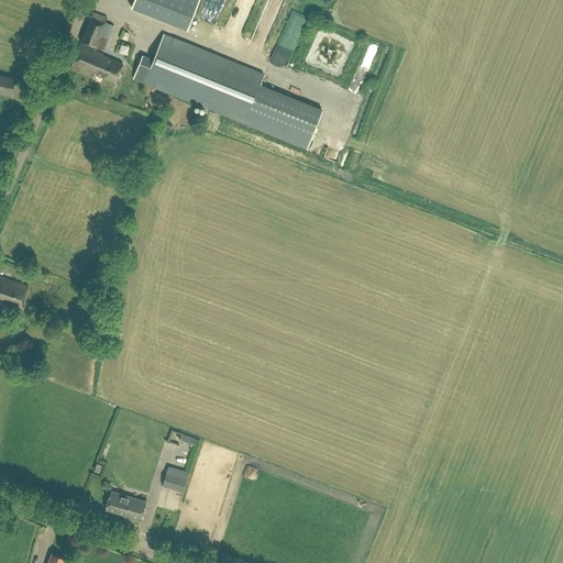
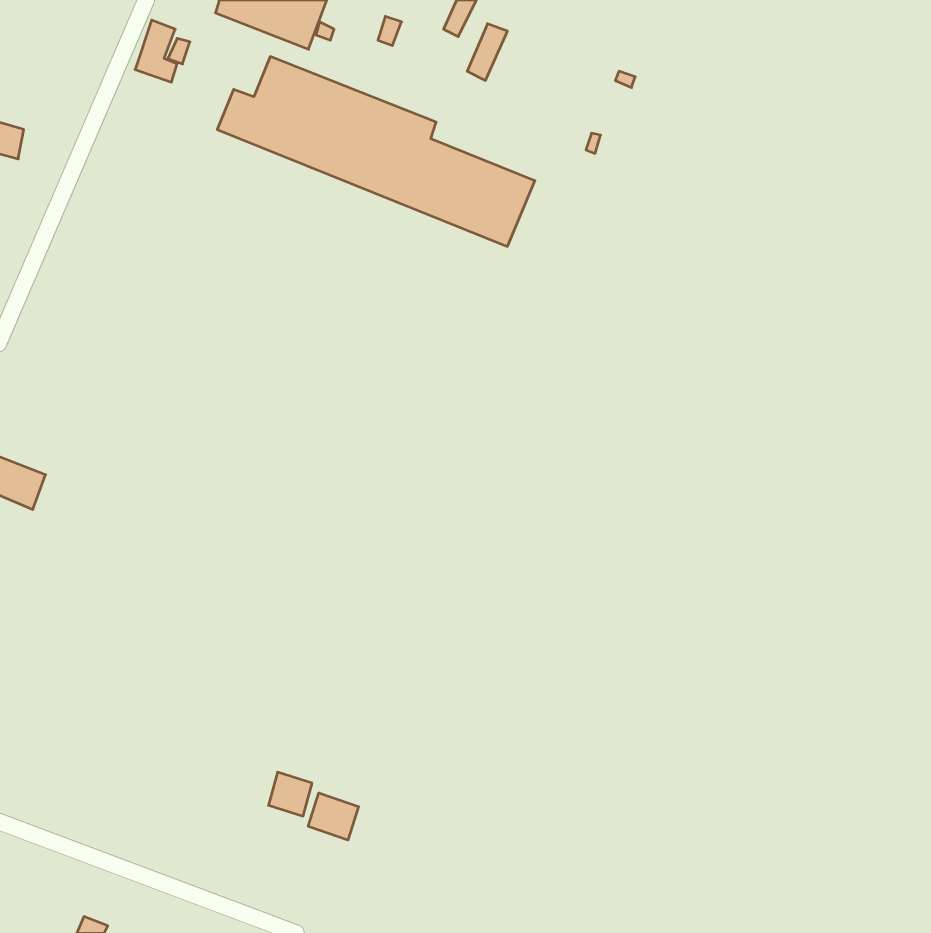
building: [69,44,122,81] -> none
building: none -> [308,793,359,840]
building: [104,490,145,522] -> none

